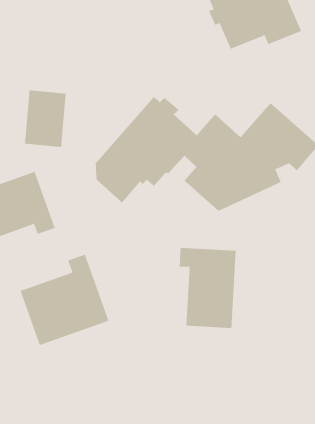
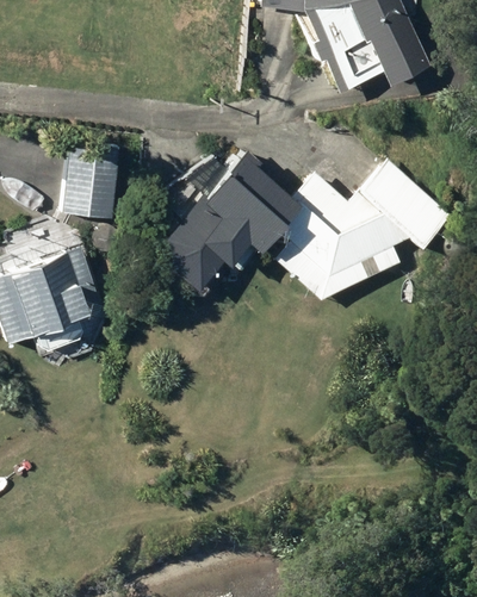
building: [179,247,236,329] -> none
building: [20,254,109,346] -> none

